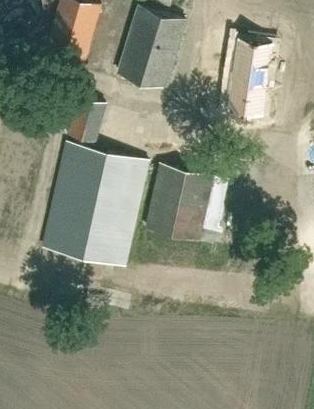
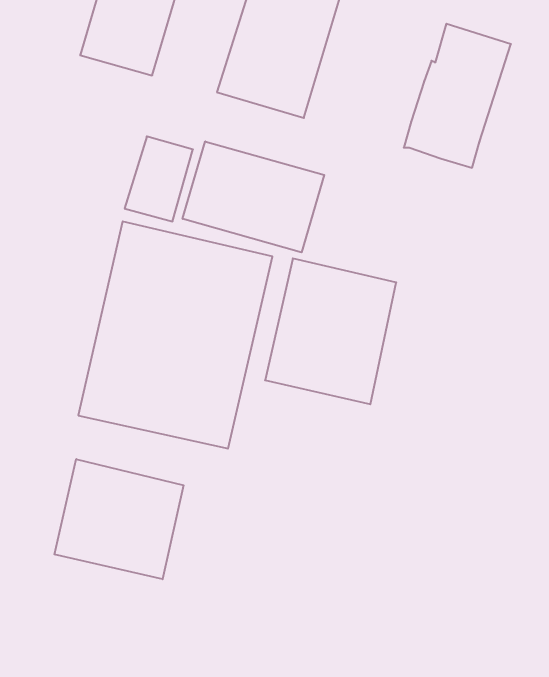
building: none -> [183,141,324,252]
building: none -> [54,459,184,579]

